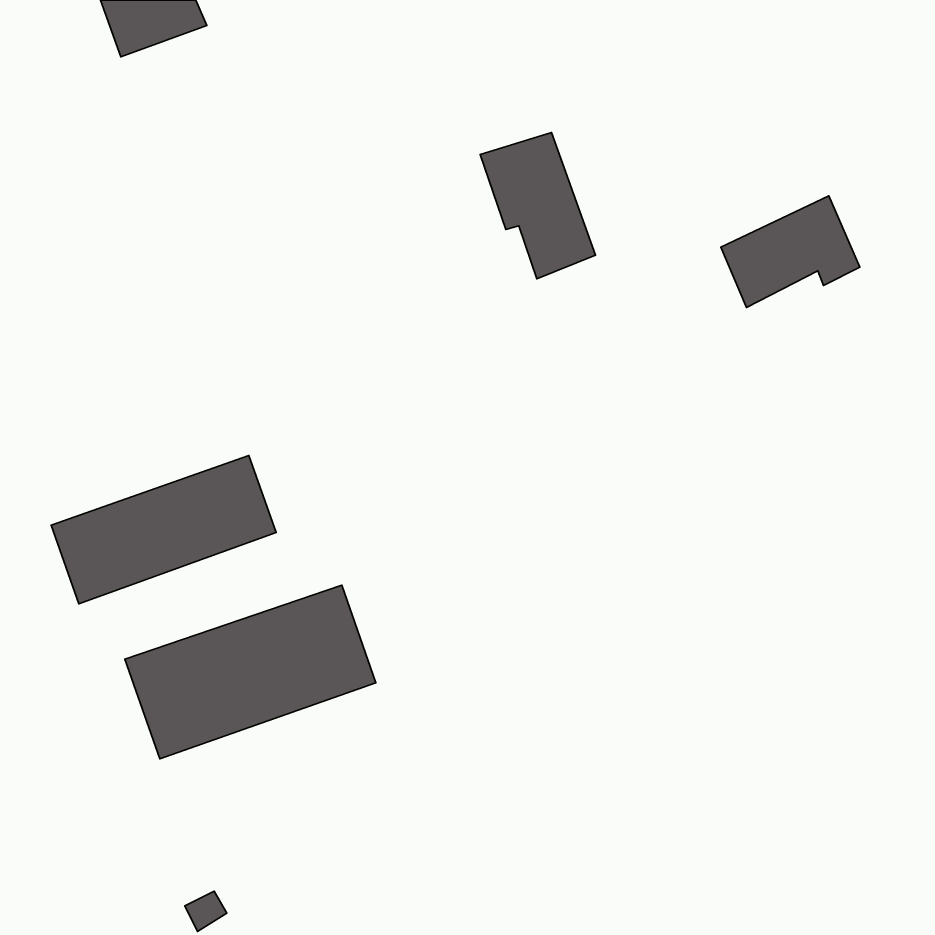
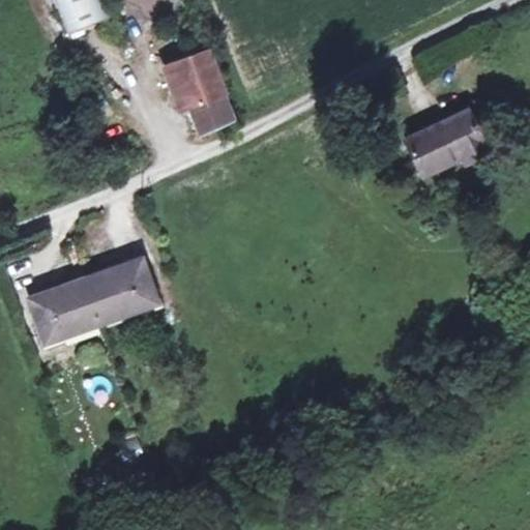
building: [480,133,596,279] -> [168,51,233,134]
building: [125,585,376,759] -> none

